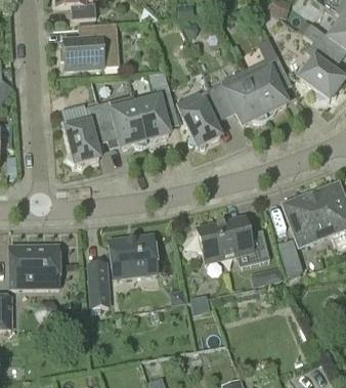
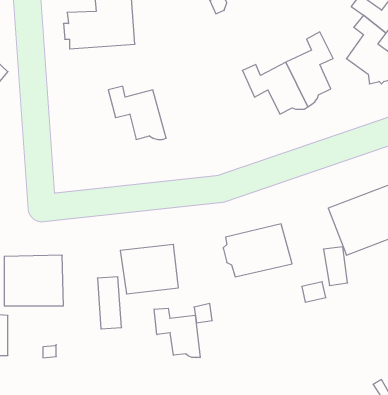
building: [136,84,175,144] -> none
building: [182,87,222,146] -> none
building: [64,103,104,165] -> none
building: none -> [154,308,200,358]

